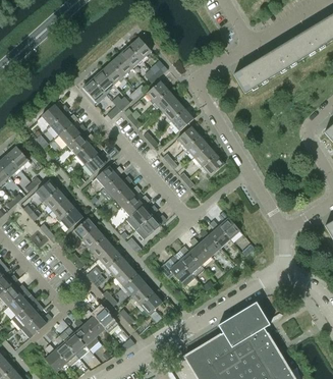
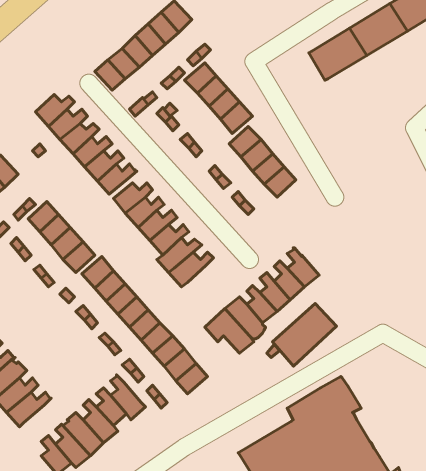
building: none -> [273,303,337,366]

